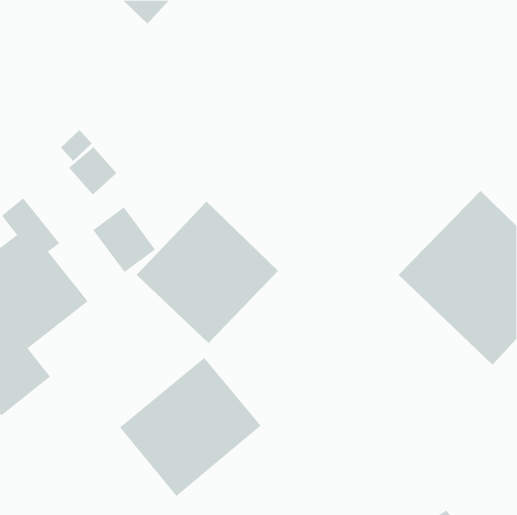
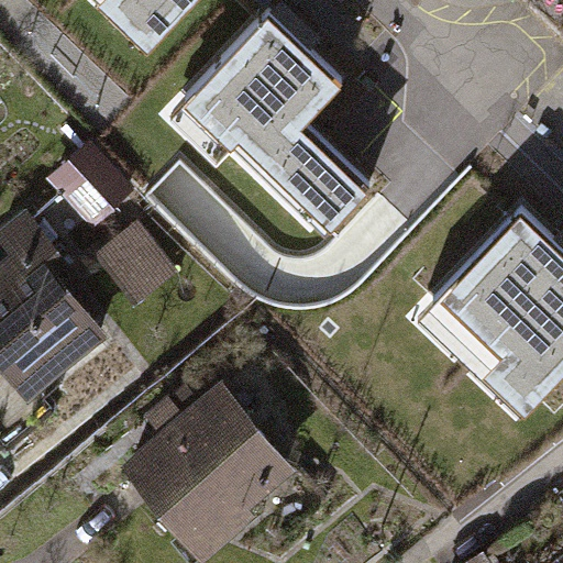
building: none -> [184,13,367,232]
building: [136,201,279,344] -> none

